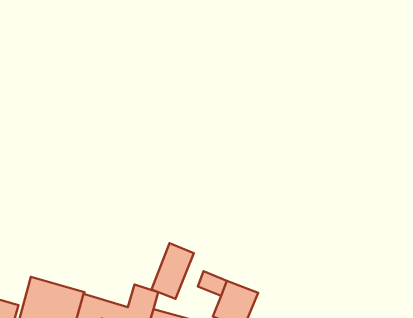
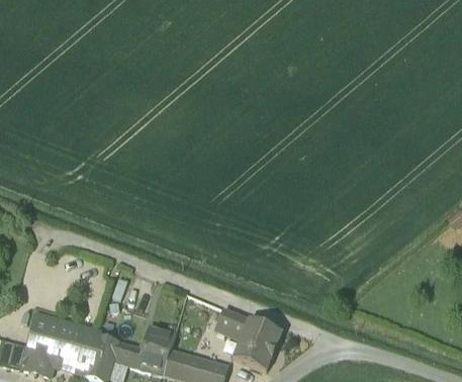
building: [152,243,194,299] -> none

